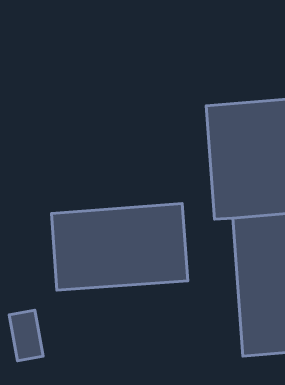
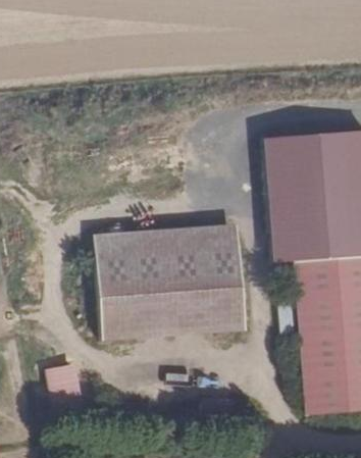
building: none -> [92,222,239,256]

